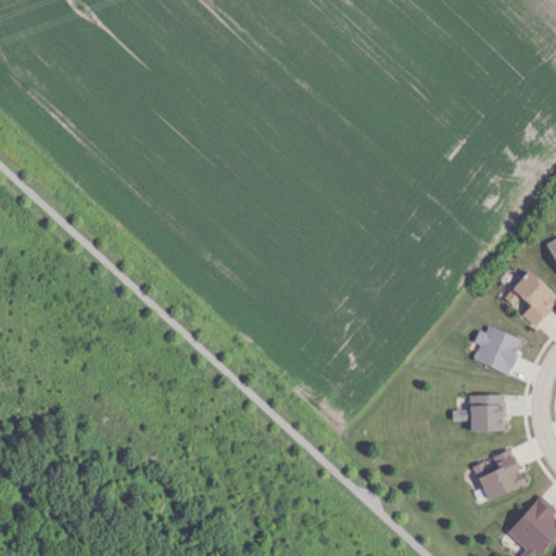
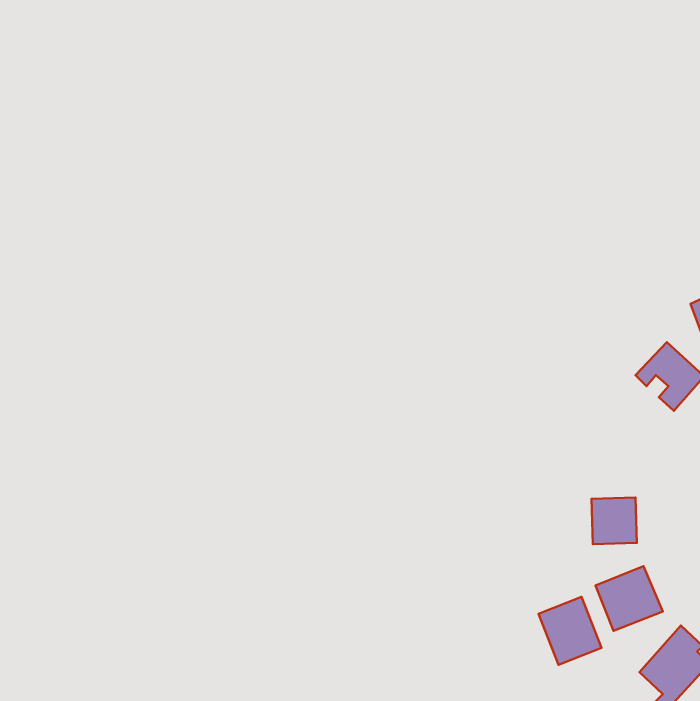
building: [472,326,522,375] -> none
building: none -> [538,597,602,665]

